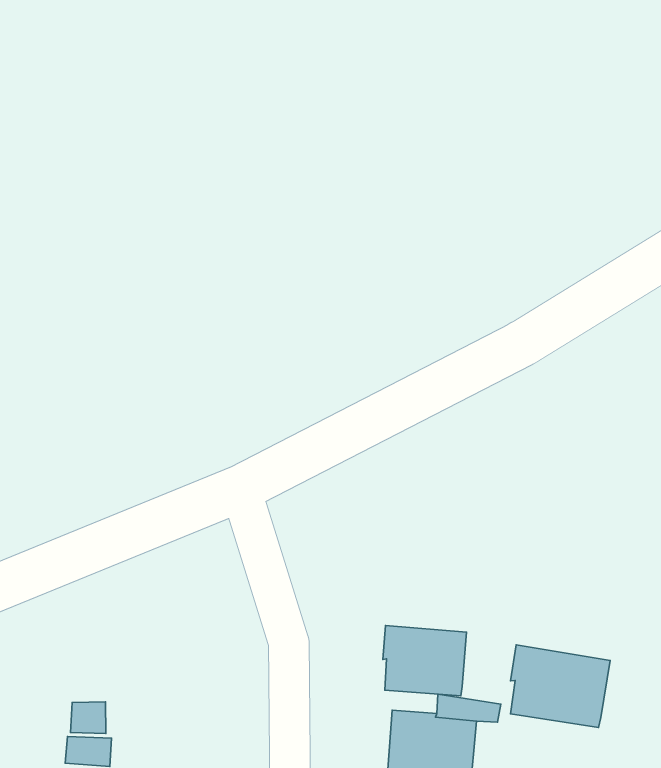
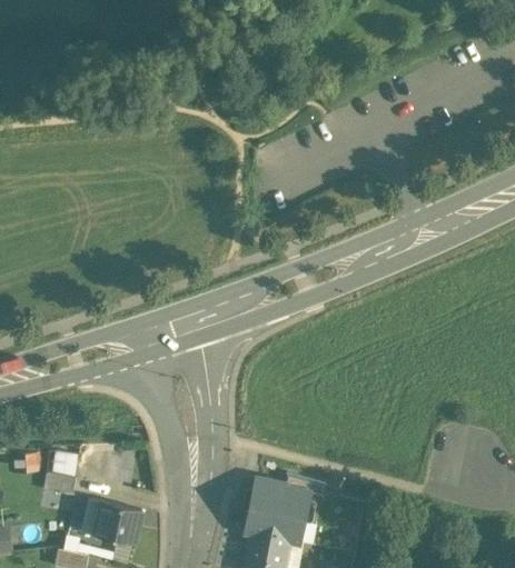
building: [383,626,467,696] -> none
building: [510,645,610,727] -> none

